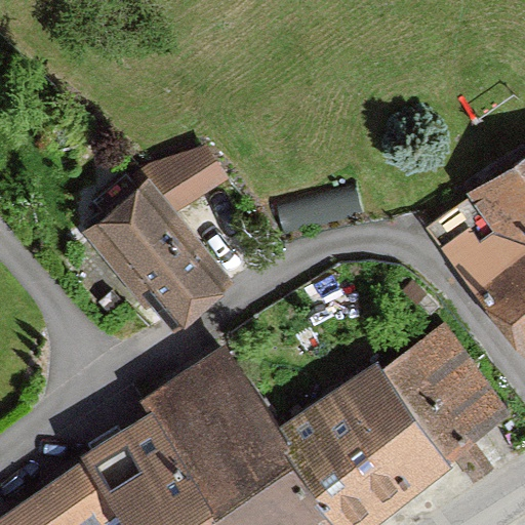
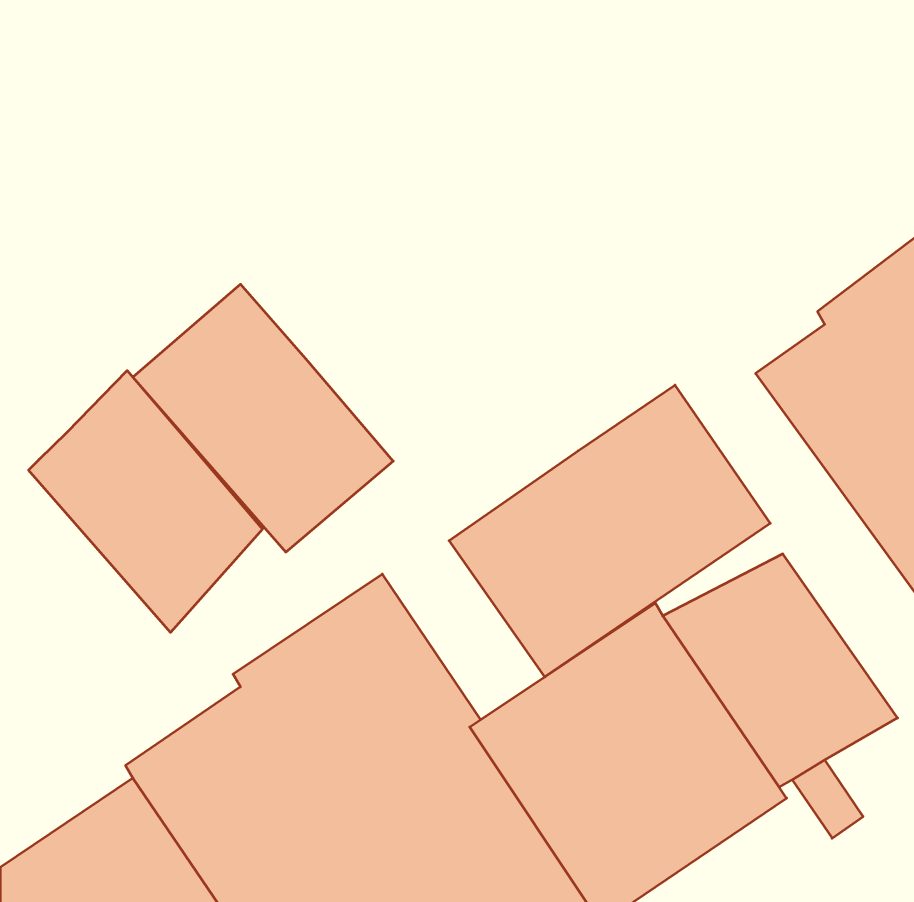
building: [145,148,233,218] -> none
building: none -> [29,371,262,632]
building: none -> [449,385,770,677]

